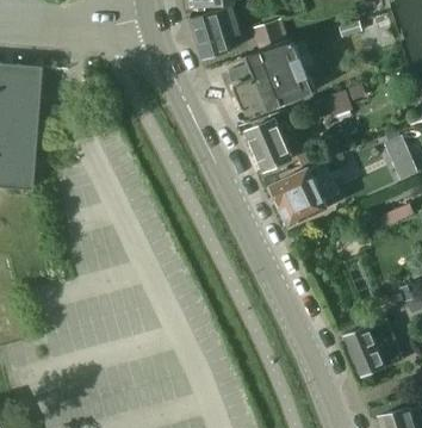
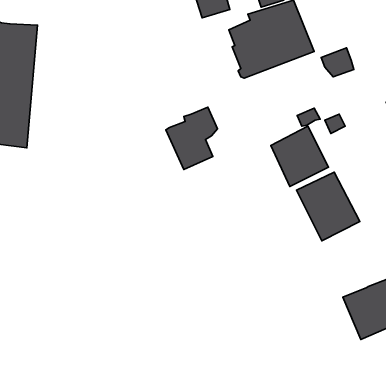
building: [246,110,297,172] -> [166,107,218,170]
building: none -> [297,172,360,241]

